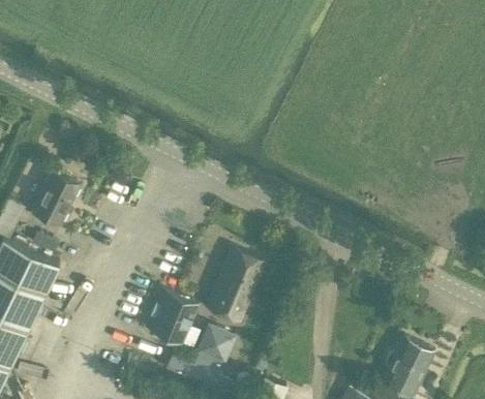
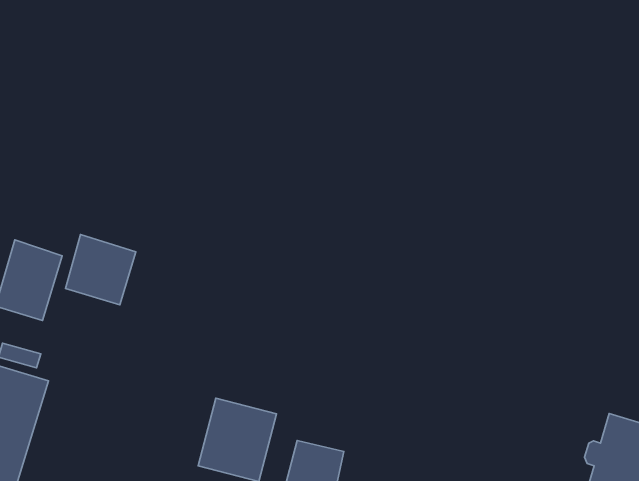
building: none -> [65,235,136,305]
building: [206,248,266,323] -> none

